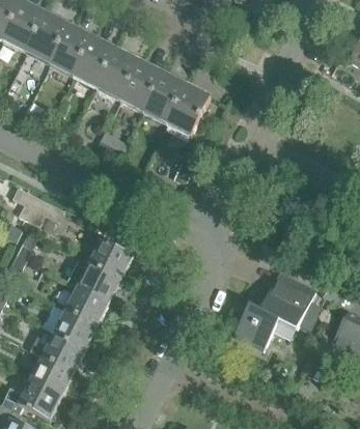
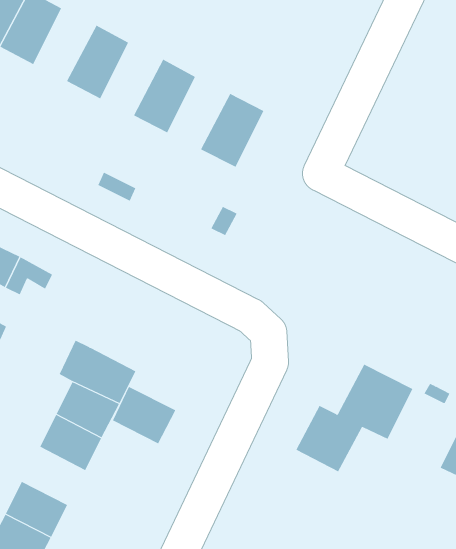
building: [50,25,93,76] -> none
building: [96,49,140,99] -> none
building: [143,73,187,123] -> none
building: [89,237,134,278] -> [112,386,176,444]
building: [41,331,86,371] -> none

